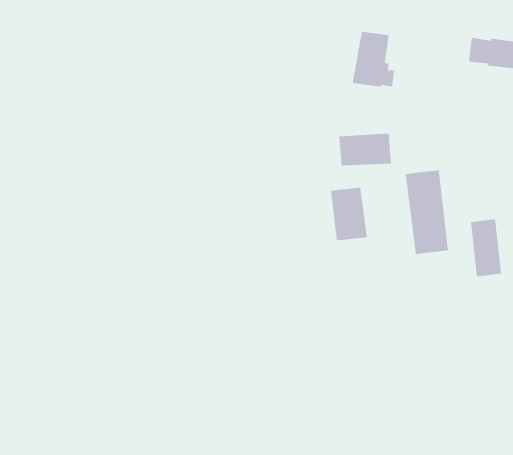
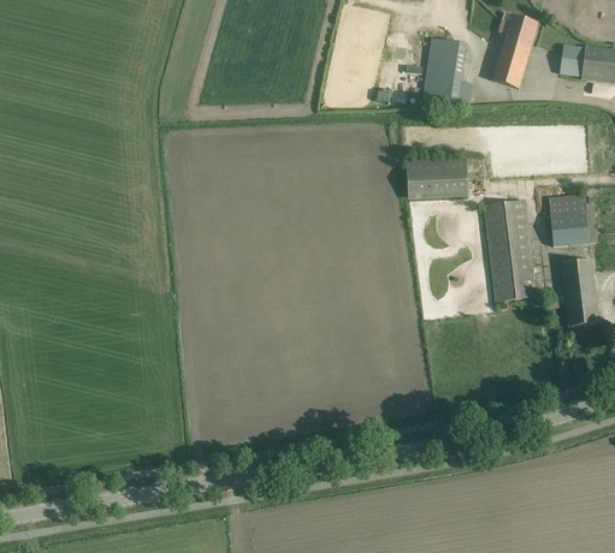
building: none -> [492,16,537,88]
building: none -> [549,194,597,245]
building: [331,187,368,241] -> none

